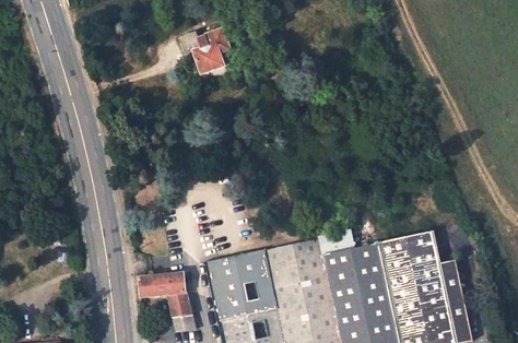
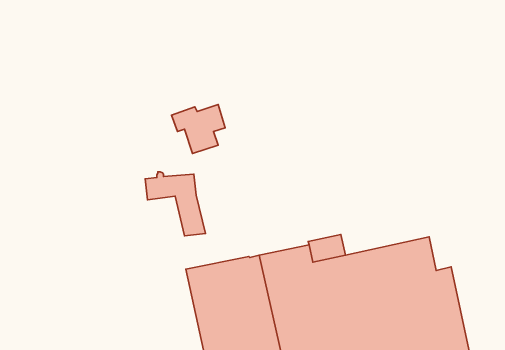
building: [180,27,231,73] -> [172,105,225,153]
building: [139,270,196,330] -> [145,172,206,236]

